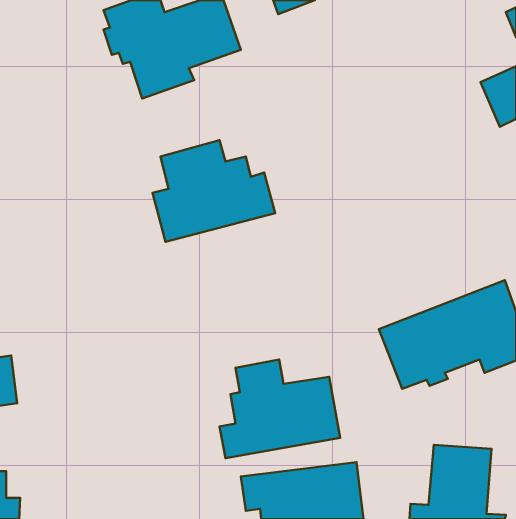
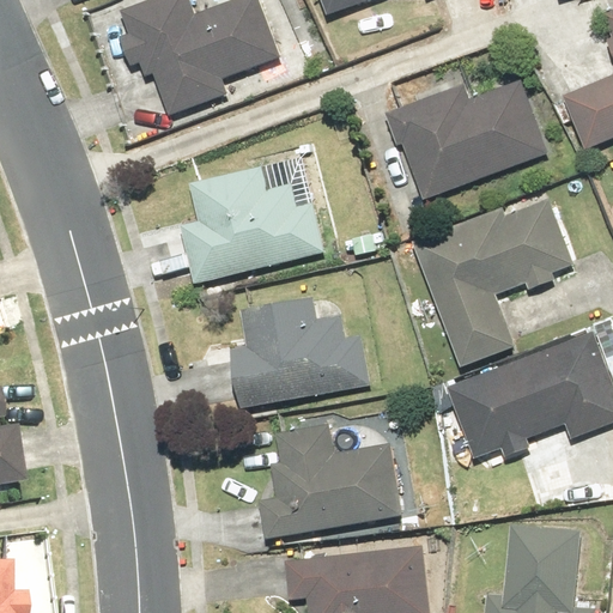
building: none -> [386,79,550,198]
building: none -> [413,198,575,369]
building: none -> [230,297,370,408]

